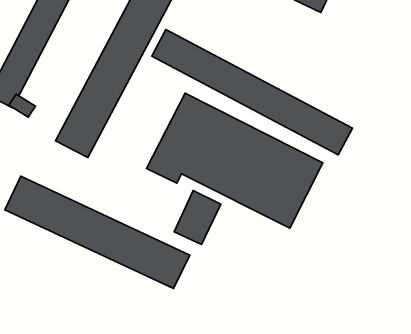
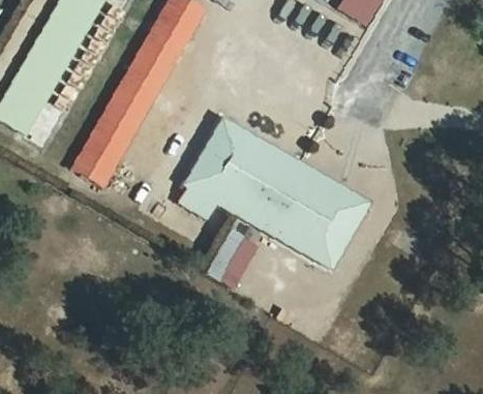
building: [152,30,352,155] -> none
building: [5,176,190,289] -> none

